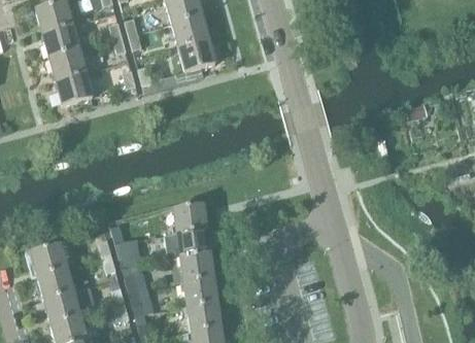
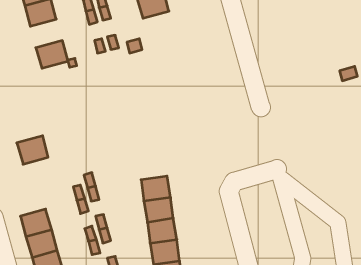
building: [178,37,215,69] -> none
building: [48,46,86,79] -> none
building: [172,203,206,232] -> none
building: [30,241,66,274] -> [17,136,48,164]

